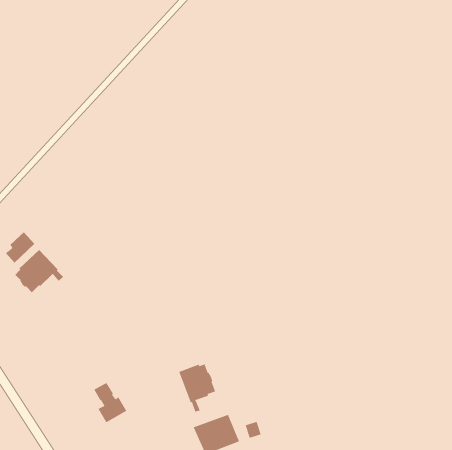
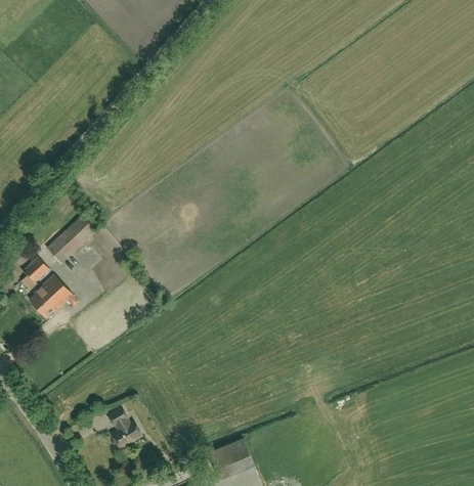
building: none -> [46,213,98,264]
building: [178,364,216,413] -> none

